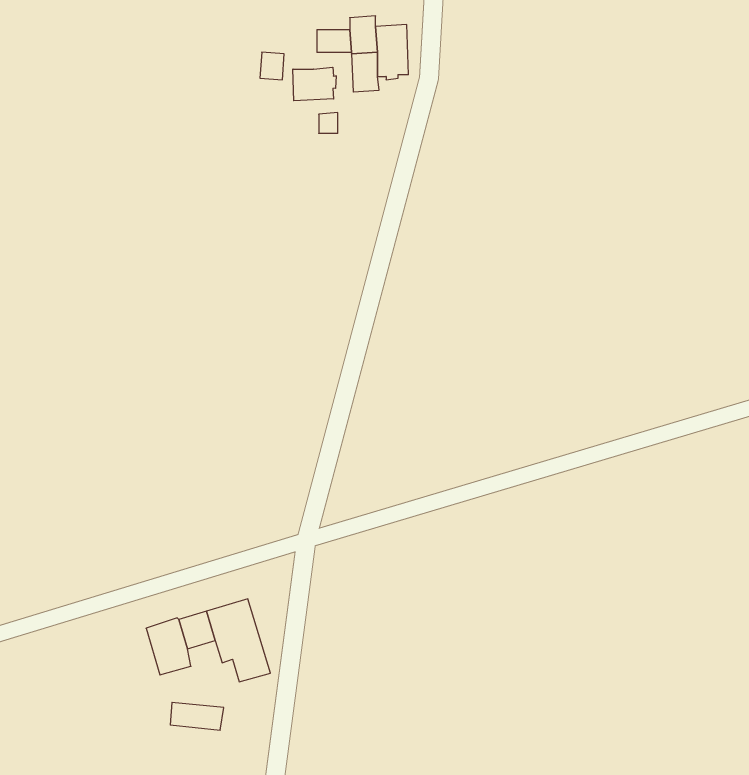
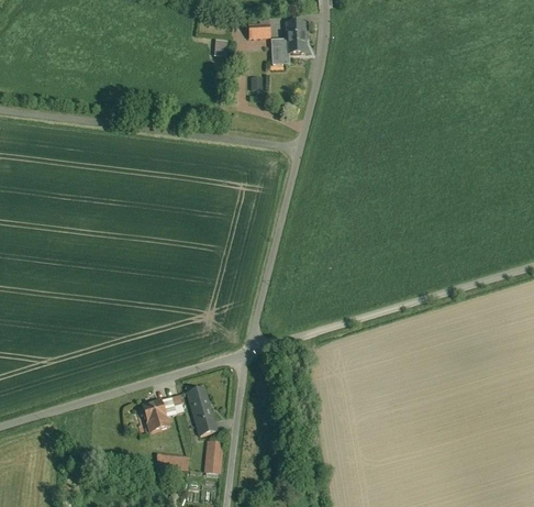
building: [293,67,336,101] -> none
building: none -> [200,440,223,475]

